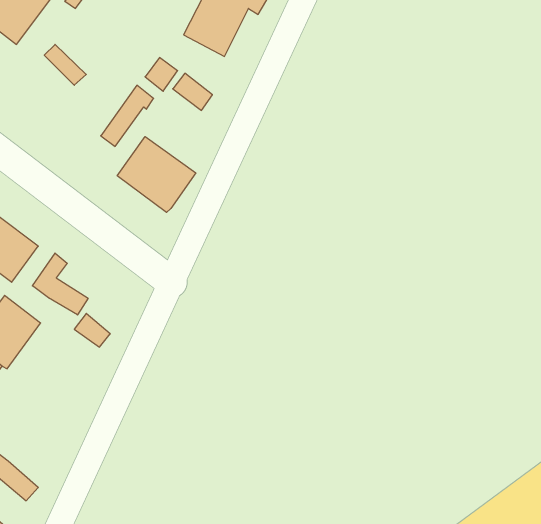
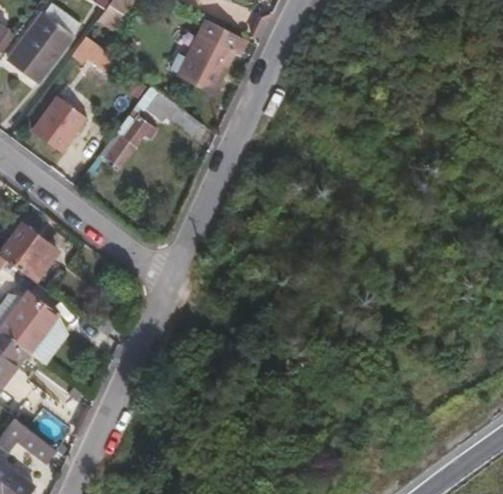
building: none -> [34,98,85,151]
building: [117,137,196,212] -> none
building: [32,253,88,315] -> none

